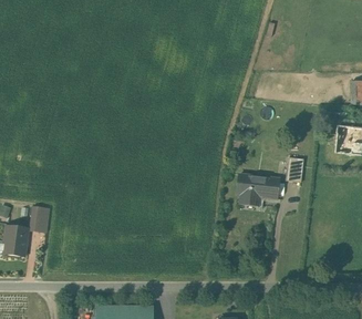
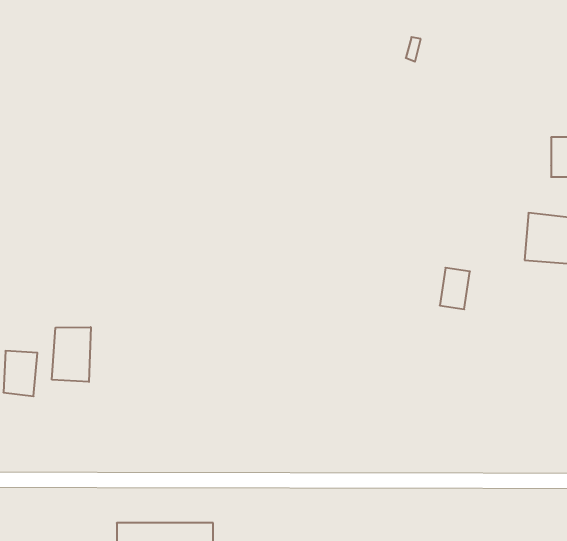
building: [237,174,279,205] -> none
building: none -> [52,327,91,382]

